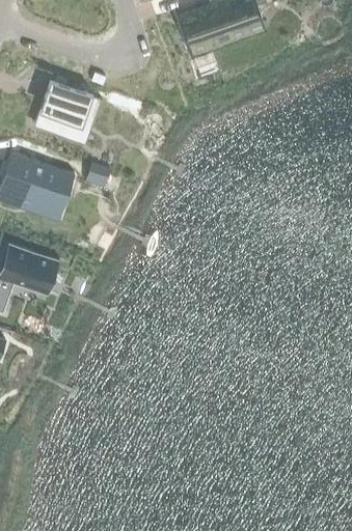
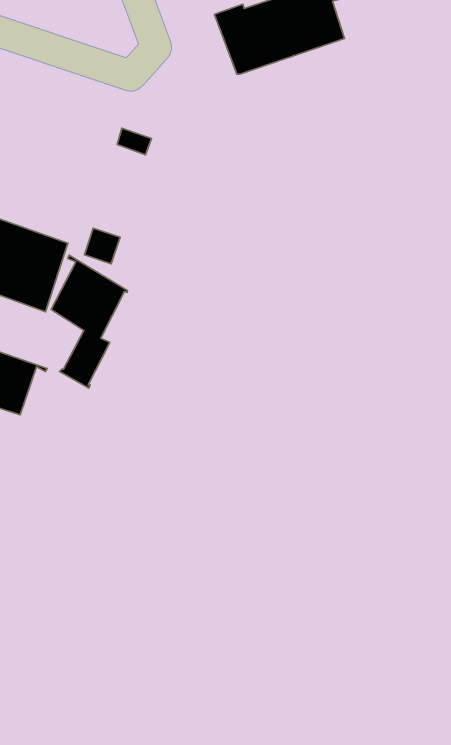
building: [37,82,102,139] -> none
building: none -> [51,255,127,388]

